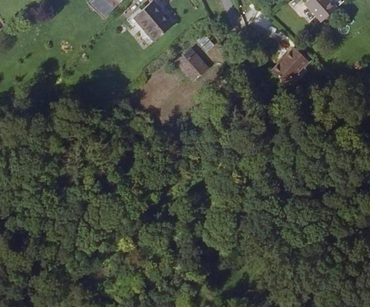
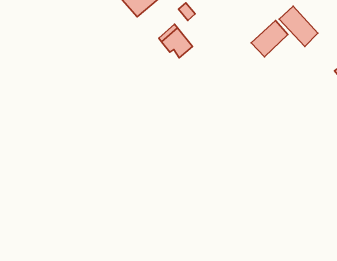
building: none -> [279,6,318,47]

